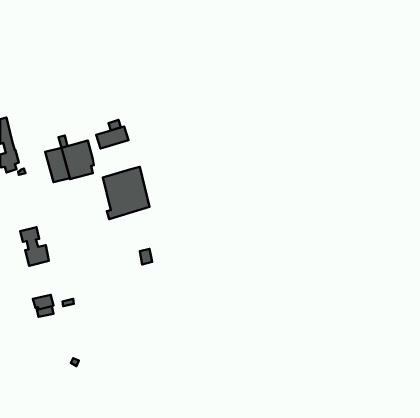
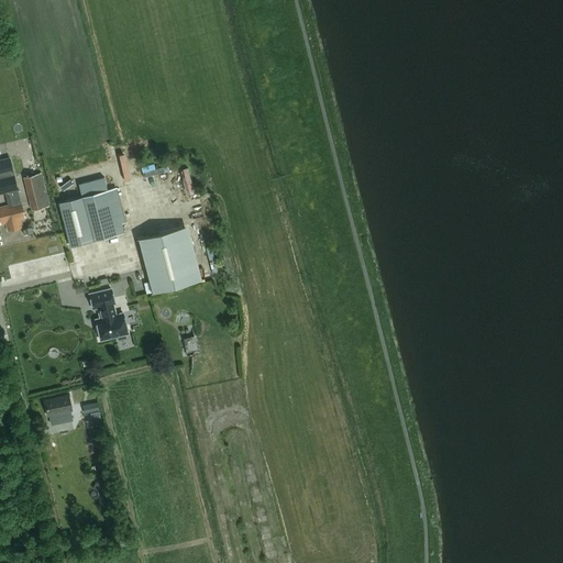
building: [96,127,129,148] -> none
building: none -> [24,173,51,210]
building: [20,227,49,266] -> [89,290,128,342]

